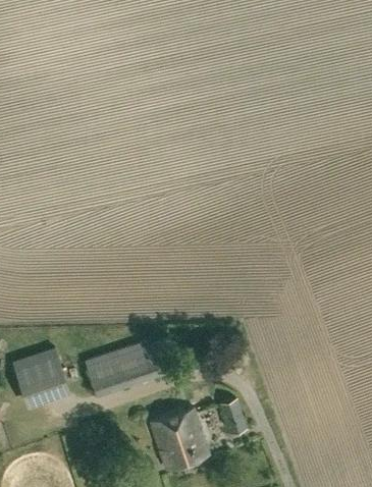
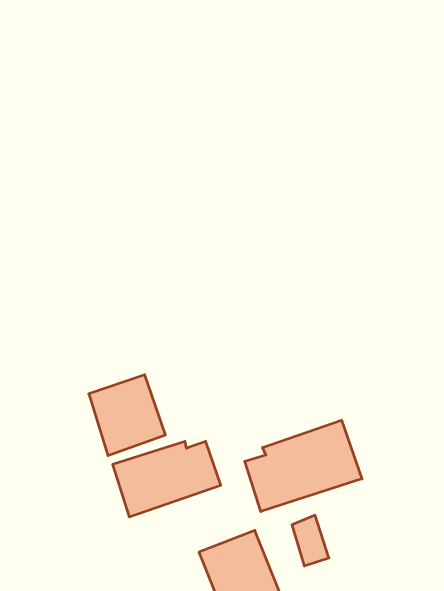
building: none -> [245,420,362,512]
building: [13,347,70,408] -> [89,375,165,456]

